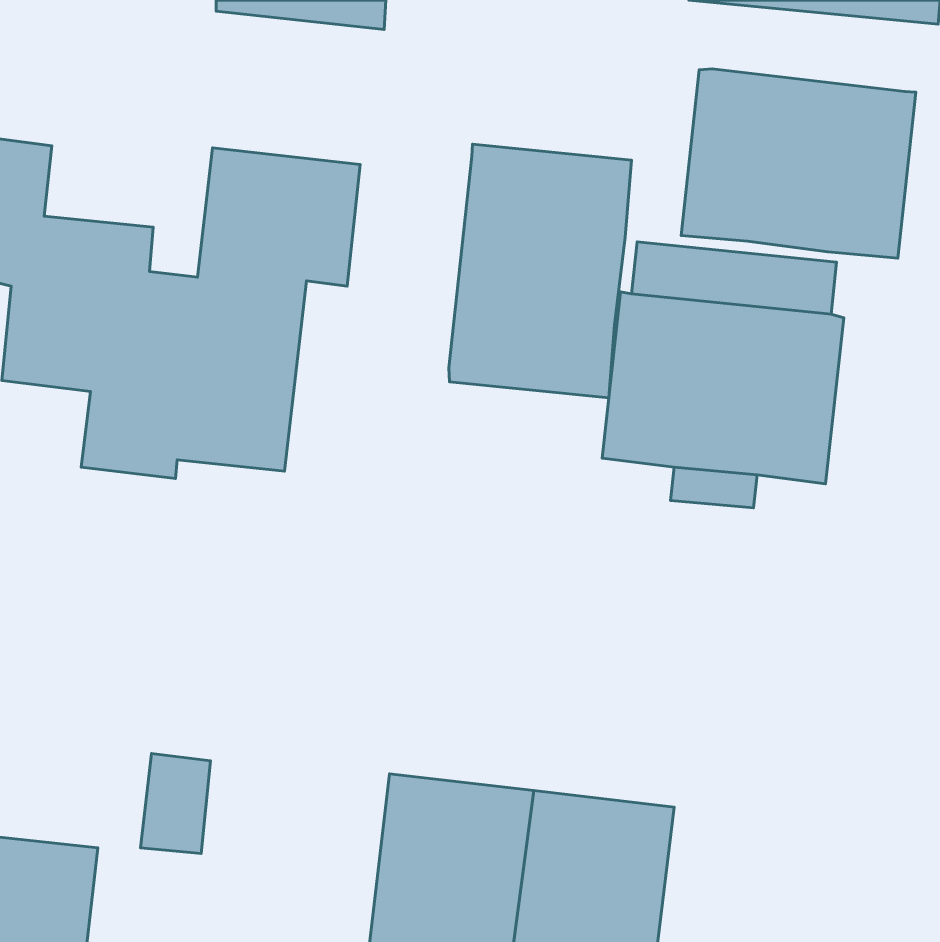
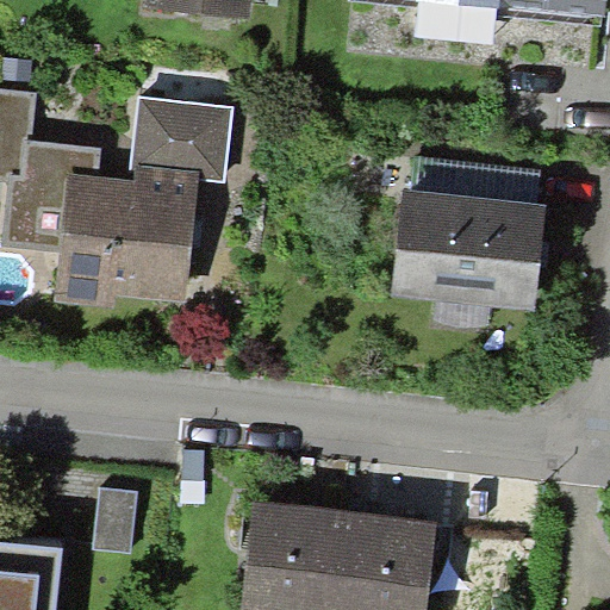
building: [681,69,916,258] -> none
building: [449,144,632,398] -> none

